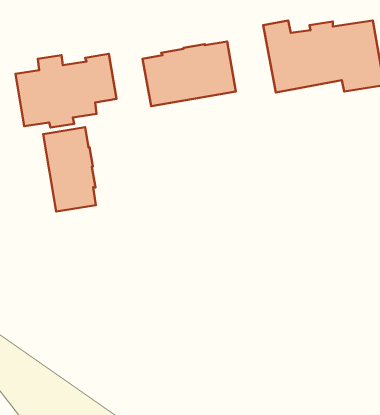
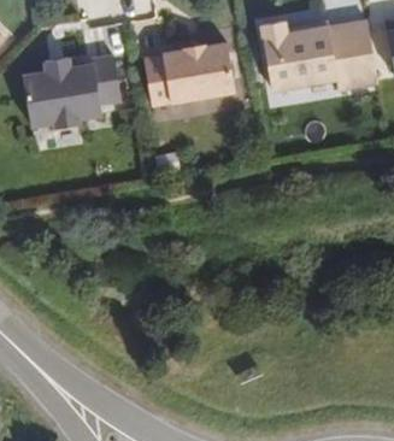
building: [43,127,96,212] -> none

